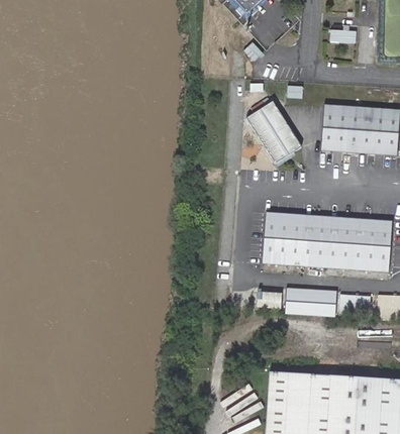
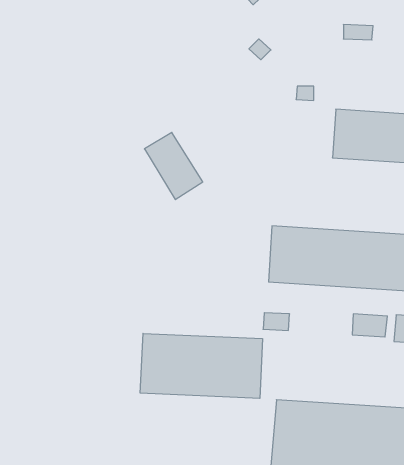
building: [246,100,300,161] -> [144,132,203,200]
building: [284,288,337,316] -> none
building: none -> [140,333,262,398]

